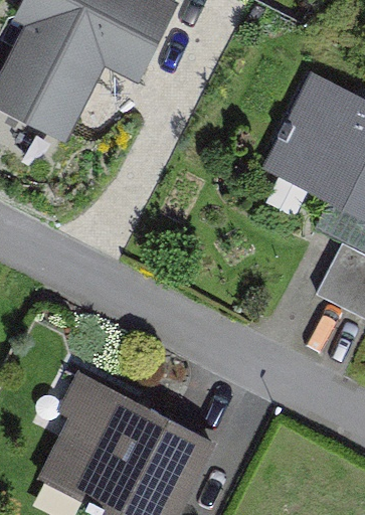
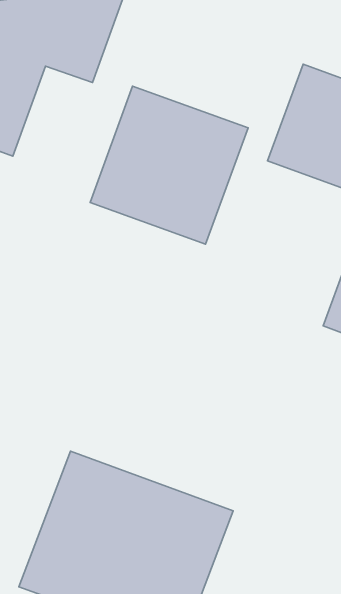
building: none -> [90,86,248,244]

